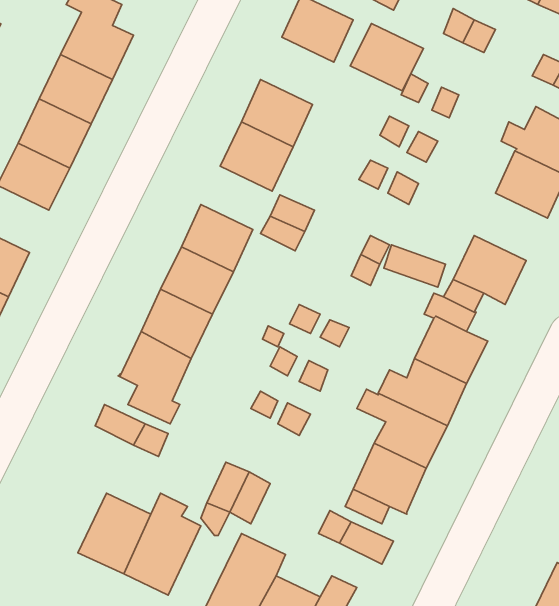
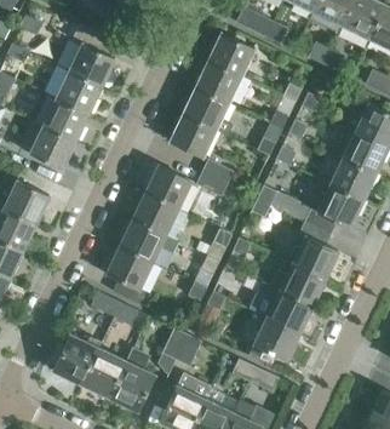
building: [350,23,423,91] -> [195,59,241,102]
building: none -> [329,158,375,200]
building: none -> [52,333,98,384]

